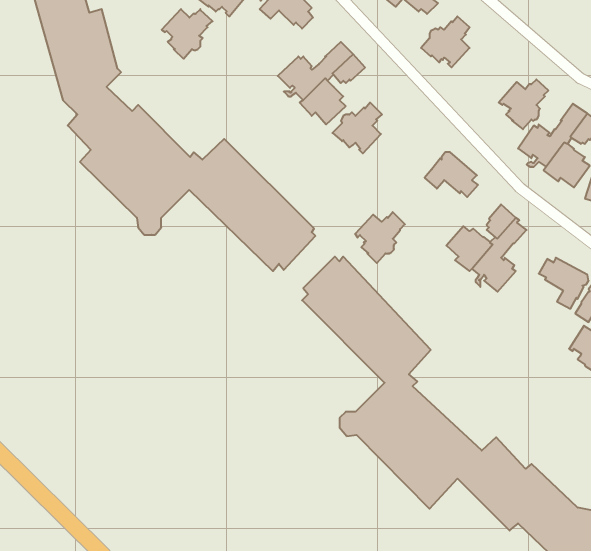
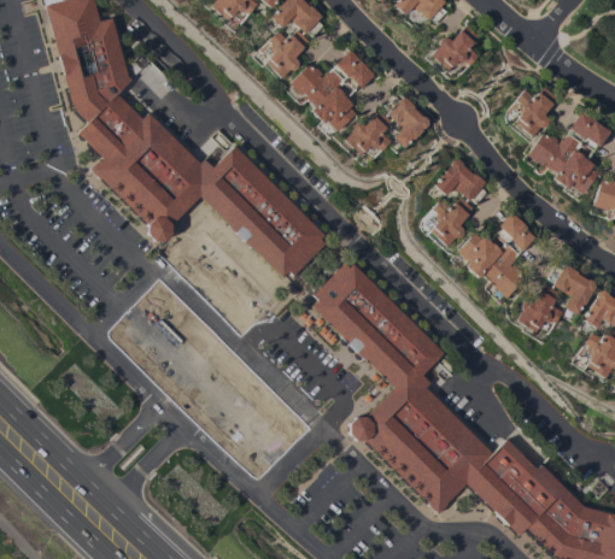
building: [162,9,213,59] -> [259,29,310,78]
building: none -> [385,94,430,147]
building: [355,212,405,263] -> [424,196,474,247]
building: none -> [517,283,564,334]

